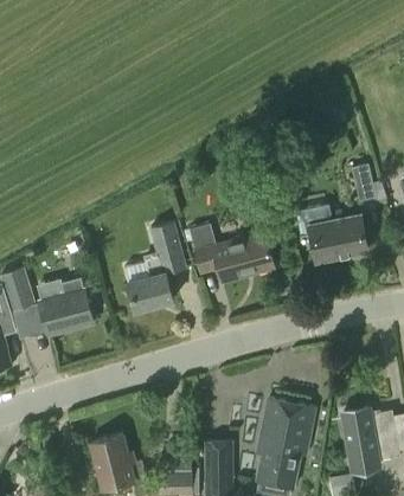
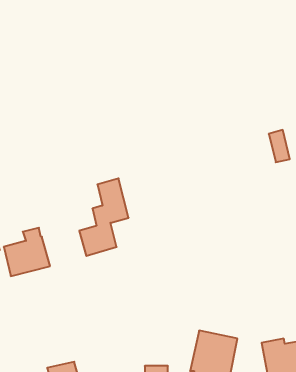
building: [310,215,366,260] -> none
building: [191,224,274,282] -> none

